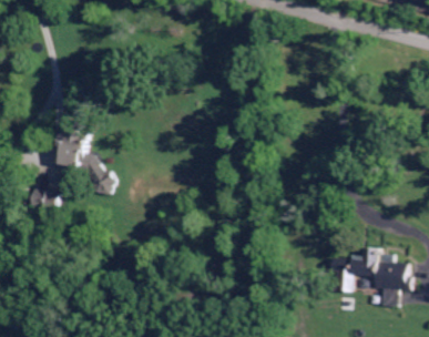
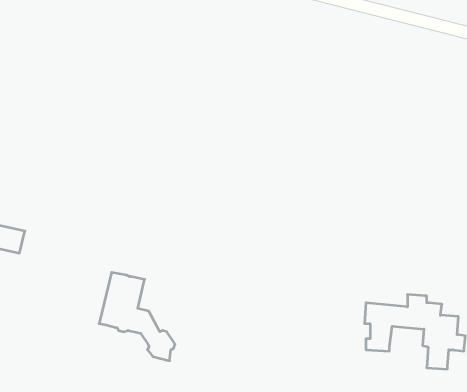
building: [52,123,113,194] -> [99,272,175,361]

